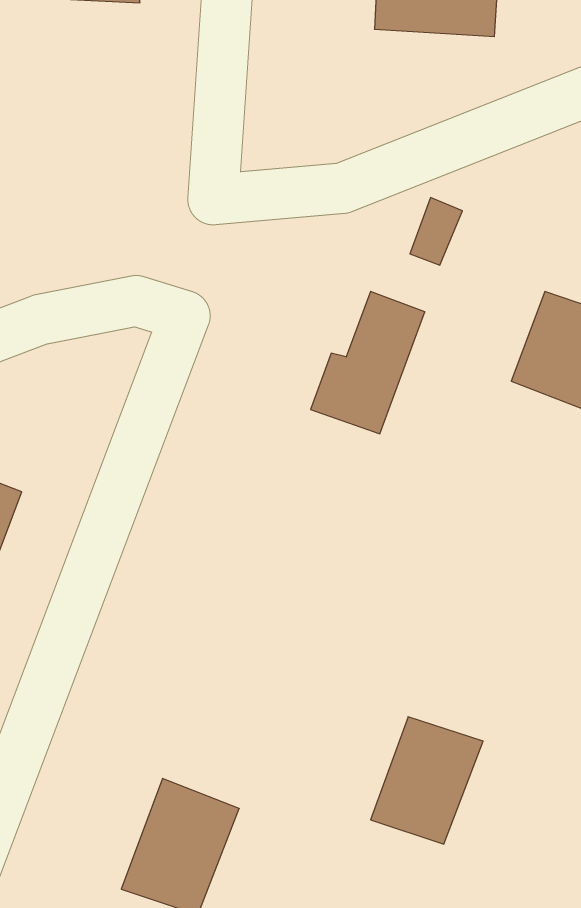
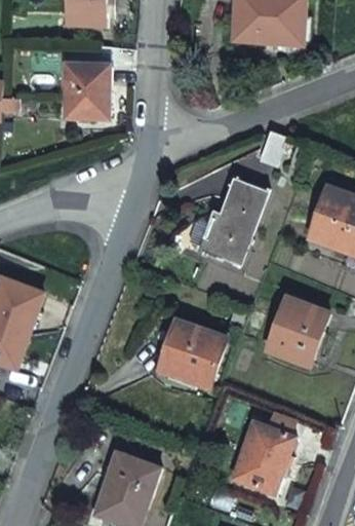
building: none -> [66,64,112,118]
building: none -> [268,296,328,362]
building: none -> [158,323,225,389]

